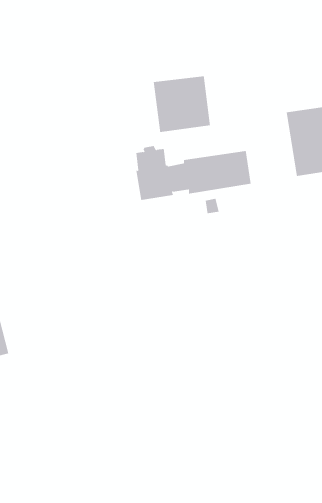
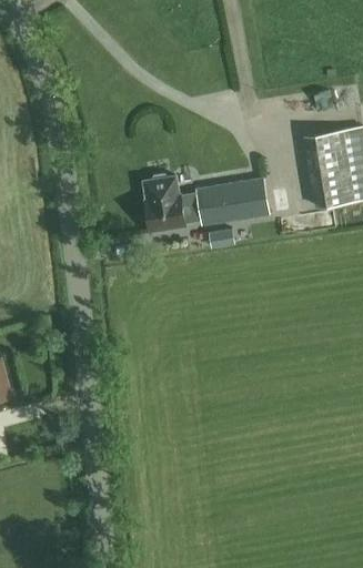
building: [153,76,211,133] -> none

